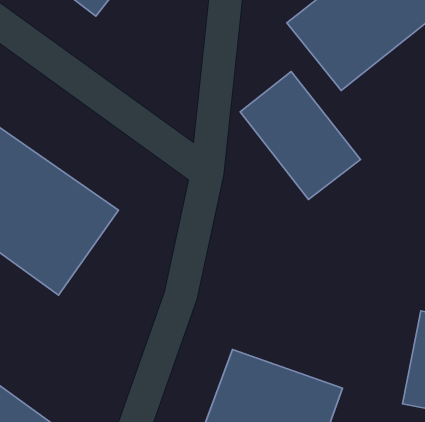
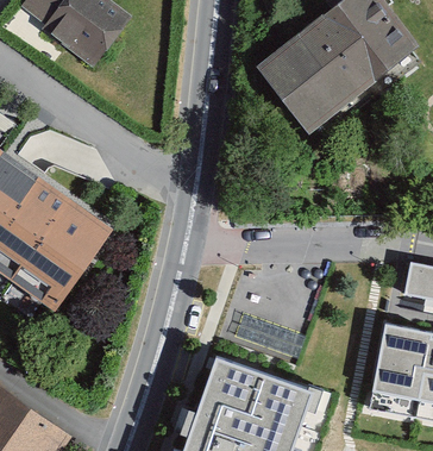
building: [240,71,360,200] -> none

